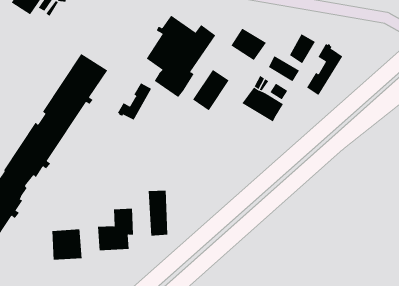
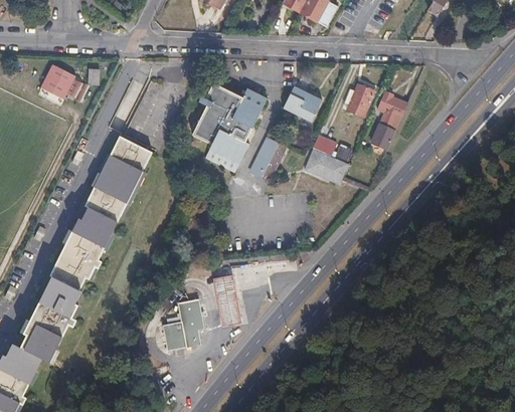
building: [268,55,300,82] -> none
building: [117,82,152,121] -> none
building: [52,229,82,260] -> none

